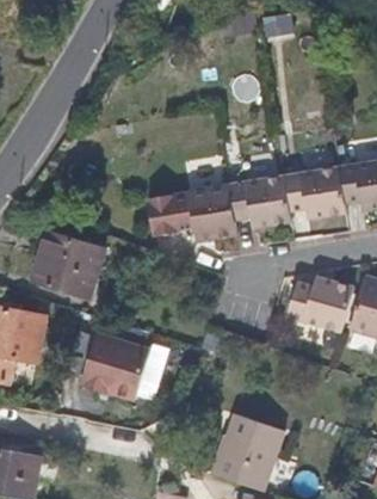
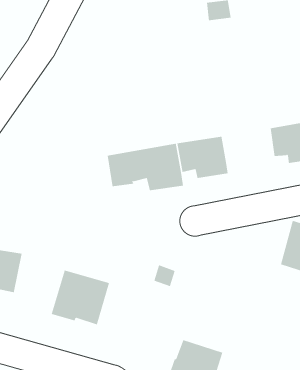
building: [282,167,345,217] -> none
building: [35,233,106,297] -> none
building: [285,284,351,339] -> none

